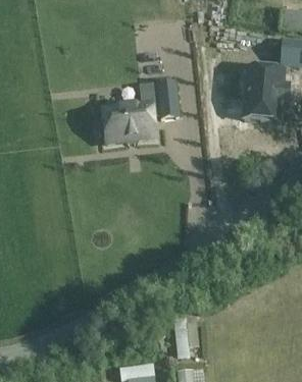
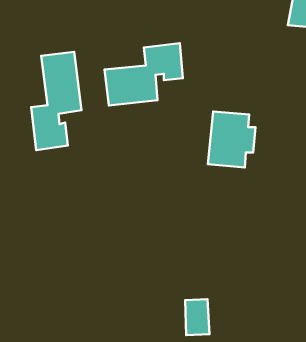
building: [242,61,288,115] -> [208,111,255,167]
building: none -> [31,52,81,150]

